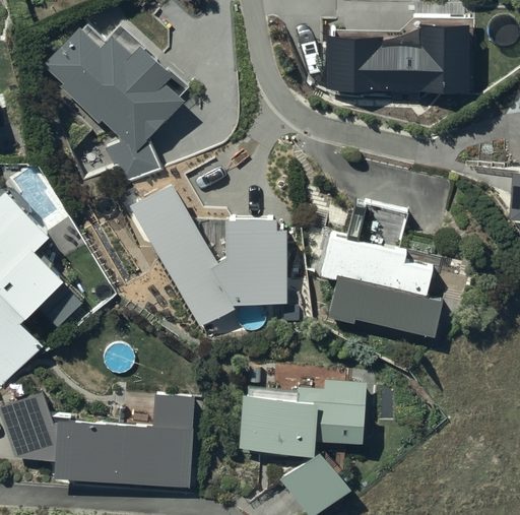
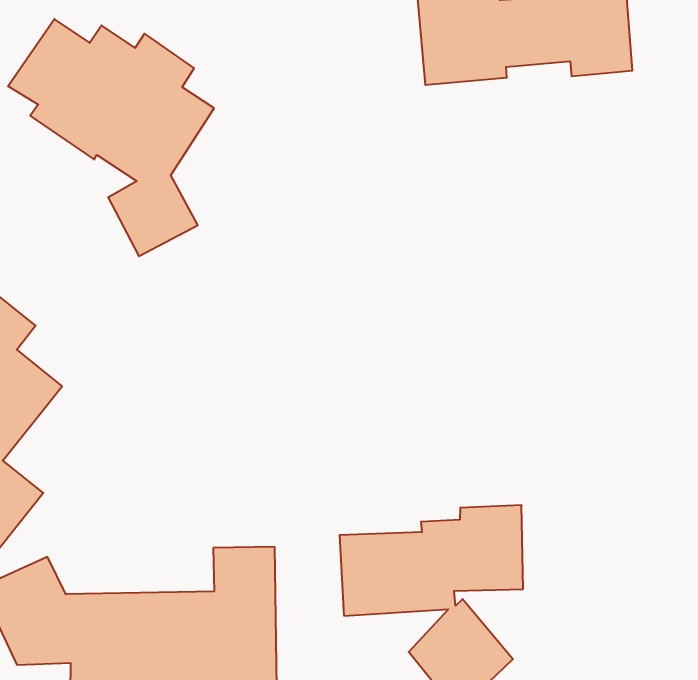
building: [130,186,287,331] -> none
building: [320,200,443,337] -> none

